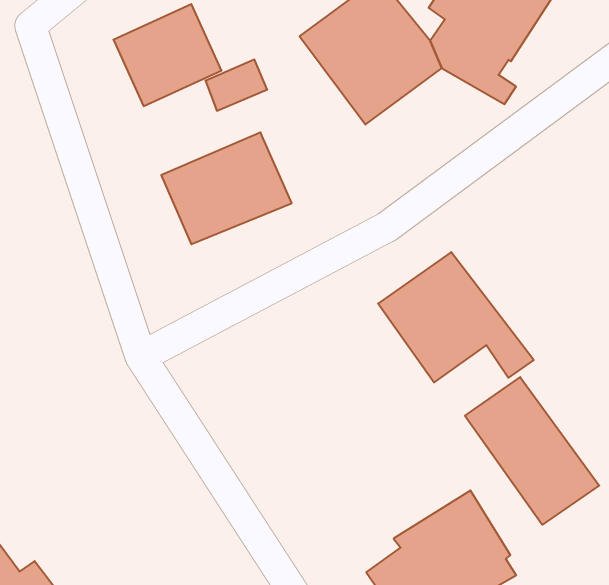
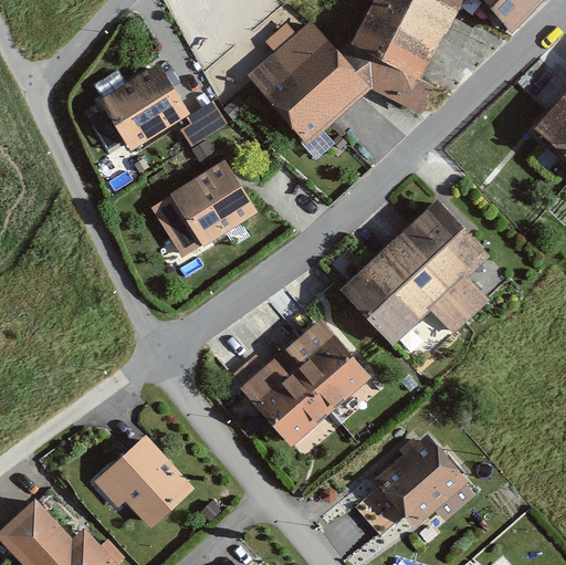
building: none -> [391,198,490,318]
building: none -> [238,317,370,446]
building: [465,377,599,525] -> none
building: none -> [94,435,195,527]

